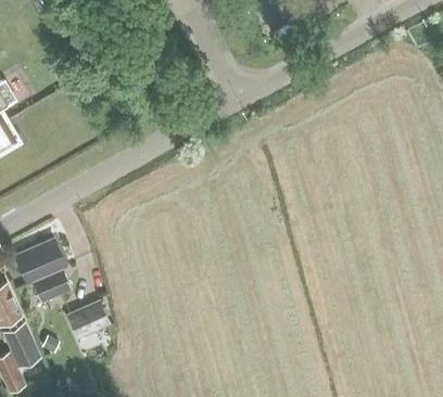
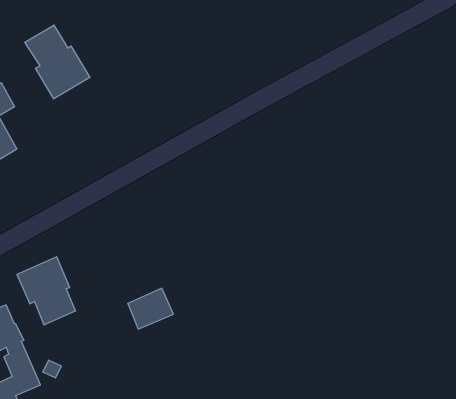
building: none -> [25,25,90,99]
building: [67,302,110,340] -> [128,288,173,329]

